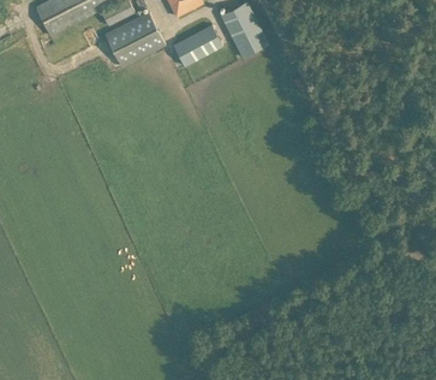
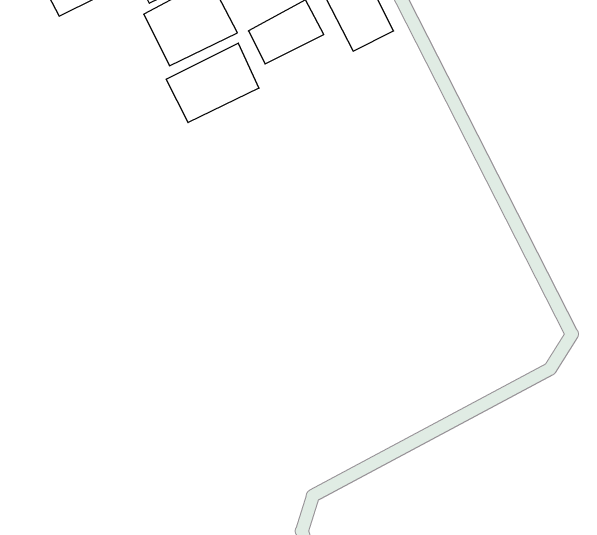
building: none -> [166,43,259,123]

